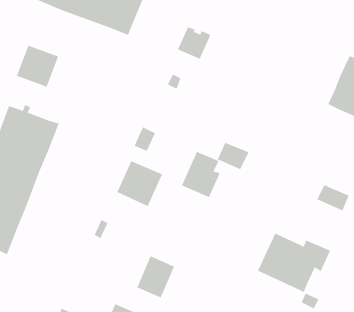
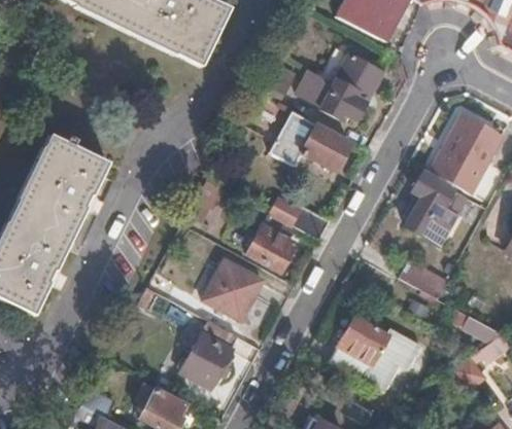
building: none -> [300,55,384,120]
building: [16,45,59,87] -> none
building: none -> [273,108,352,165]
building: none -> [407,173,454,244]
building: [116,160,163,207] -> [206,262,264,320]

